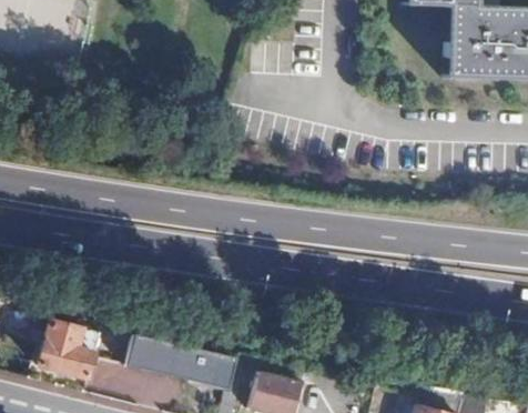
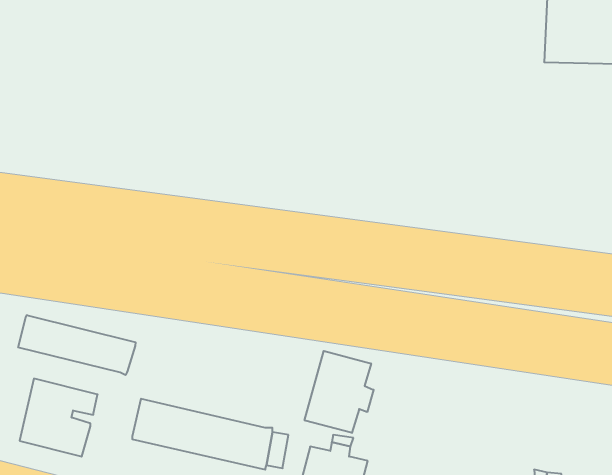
building: none -> [18,315,136,375]
building: none -> [305,351,374,433]

